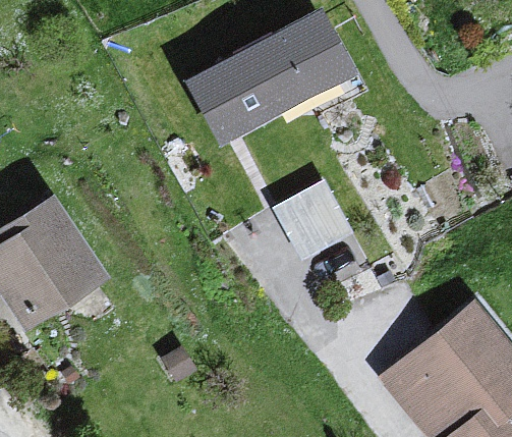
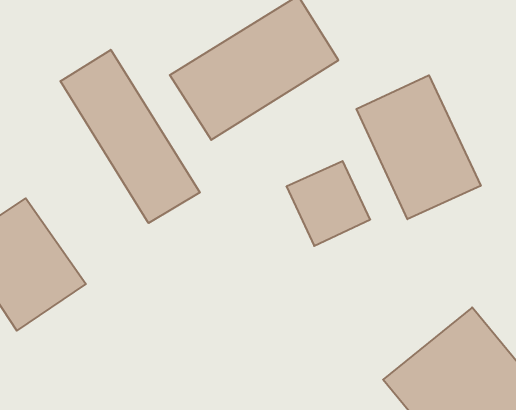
building: none -> [60,50,200,223]
building: none -> [356,75,481,219]

